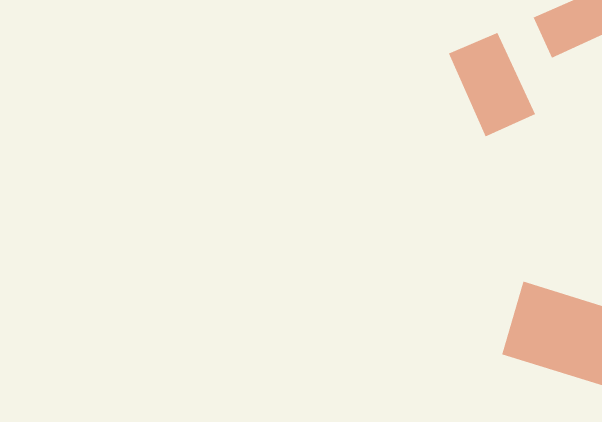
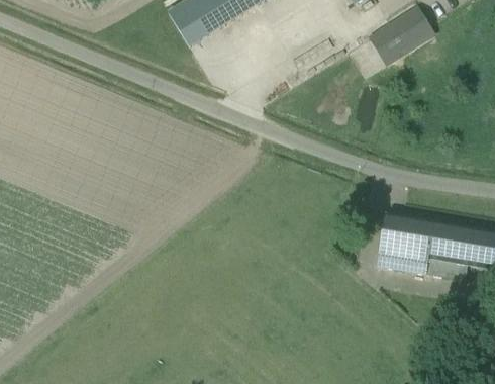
building: [448,32,536,138] -> none

